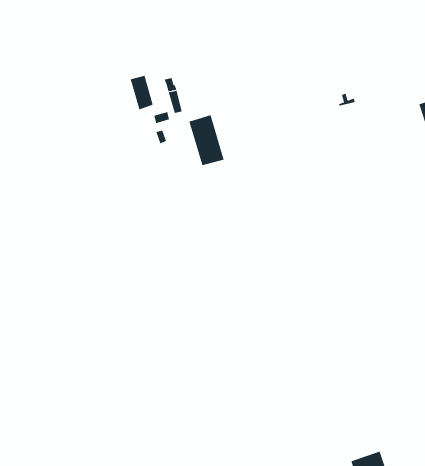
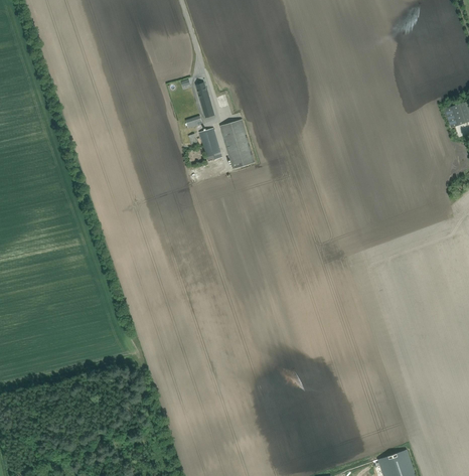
building: [130,75,153,110] -> [198,128,221,162]

